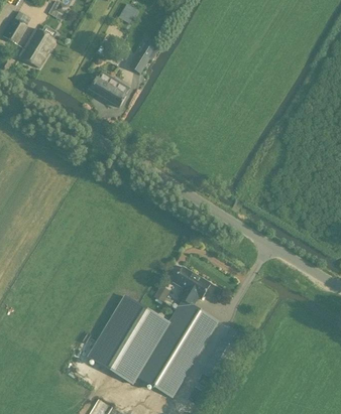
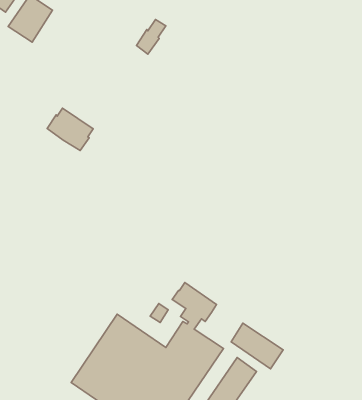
building: [89,71,128,106] -> [47,108,93,150]
building: none -> [231,323,283,369]

